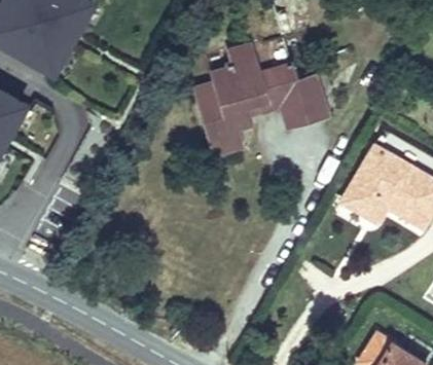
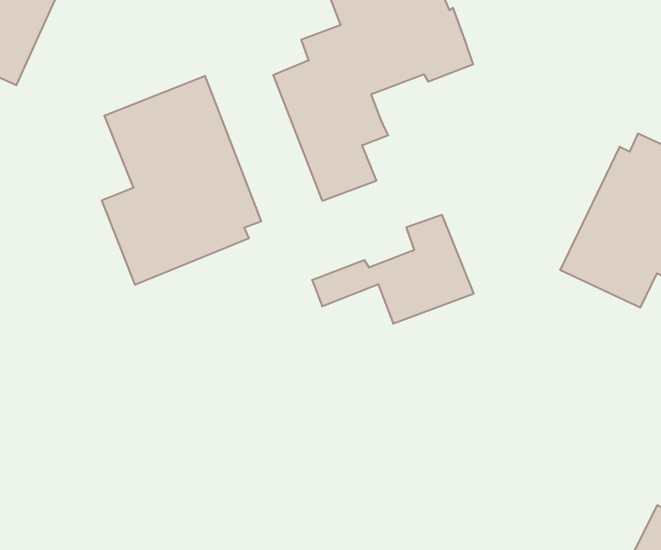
building: [244,73,329,129] -> [312,215,474,324]
building: none -> [102,76,261,285]

